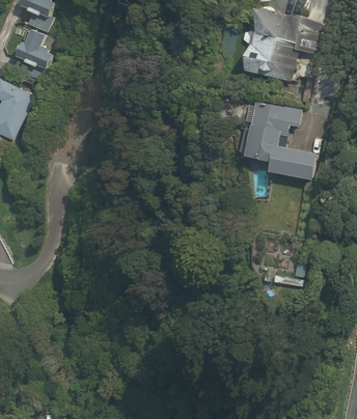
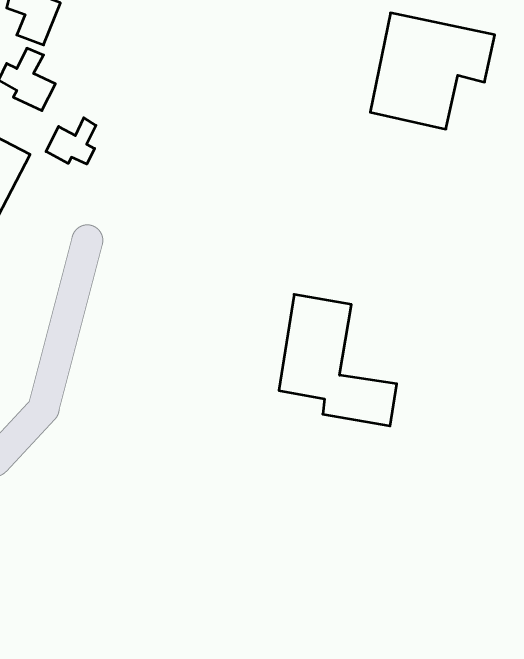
building: none -> [46,118,96,164]
building: [243,97,315,178] -> [279,294,397,426]

